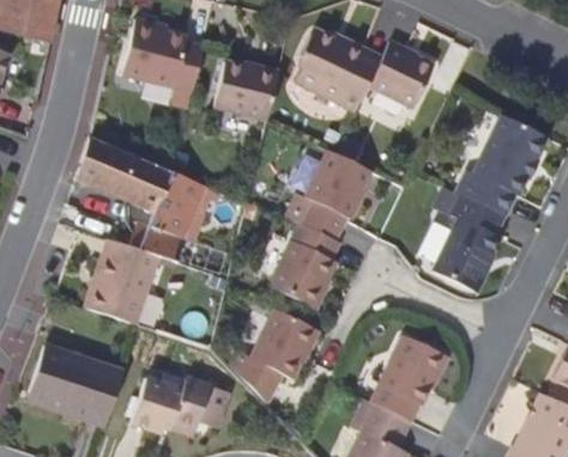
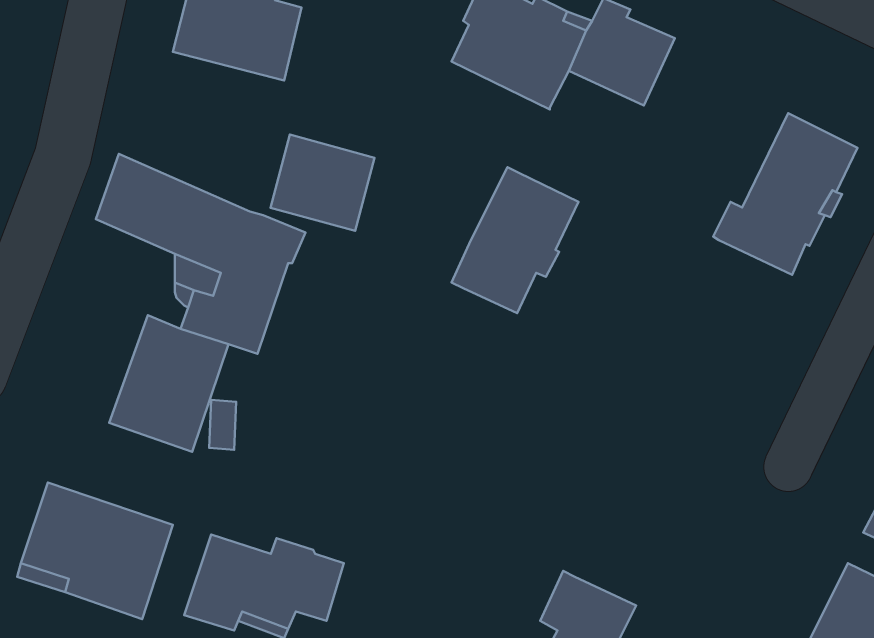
building: [214,55,279,115] -> [271,135,374,231]
building: [434,191,507,288] -> none
building: [271,221,340,306] -> none
building: [236,307,319,408] -> none
building: [371,335,446,419] -> none

